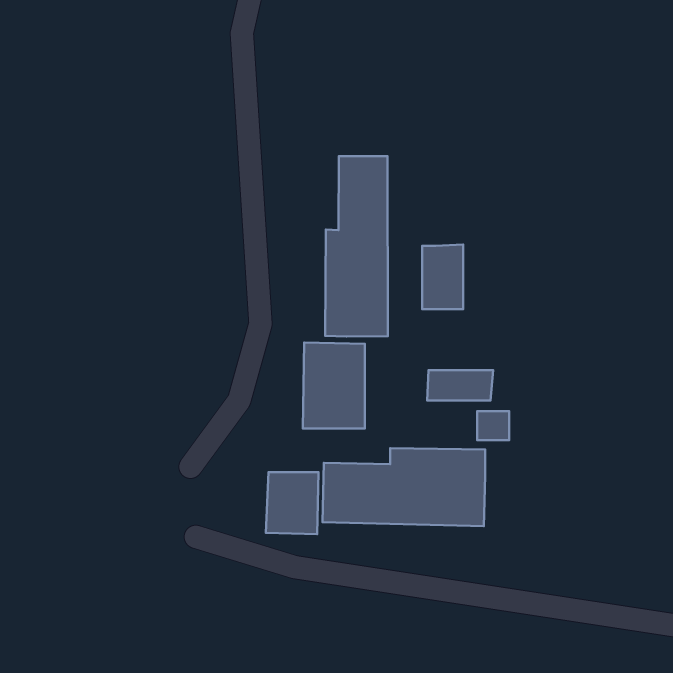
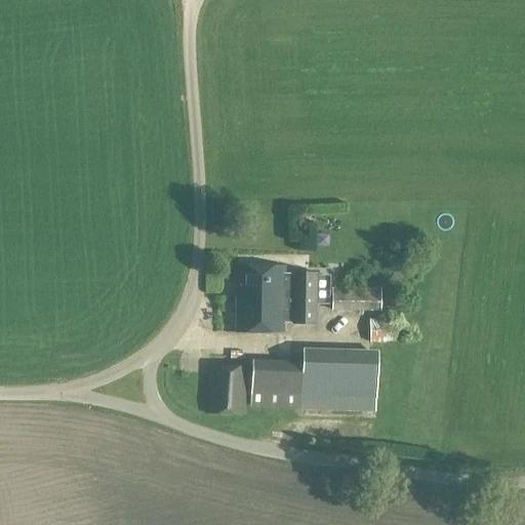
building: [325,156,388,337] -> none
building: [422,244,463,309] -> [285,273,317,323]

